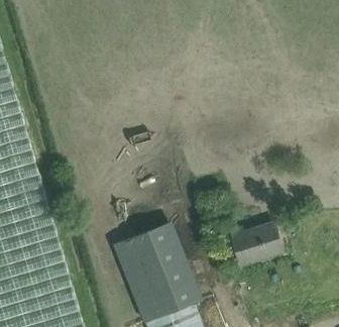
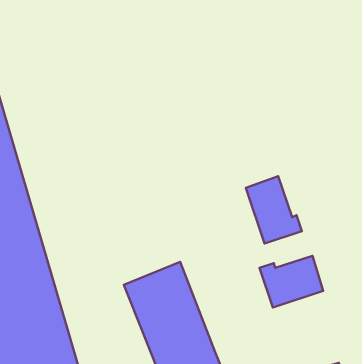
building: none -> [246,176,302,244]

